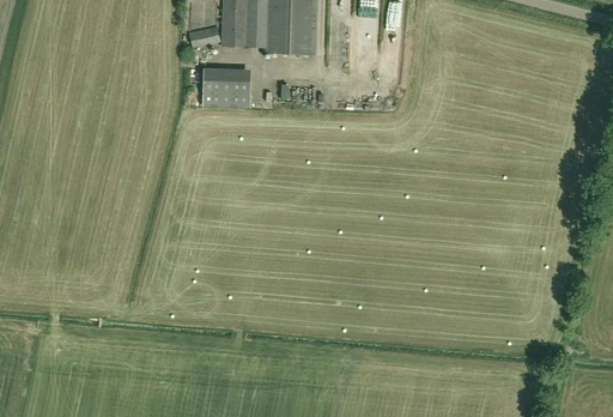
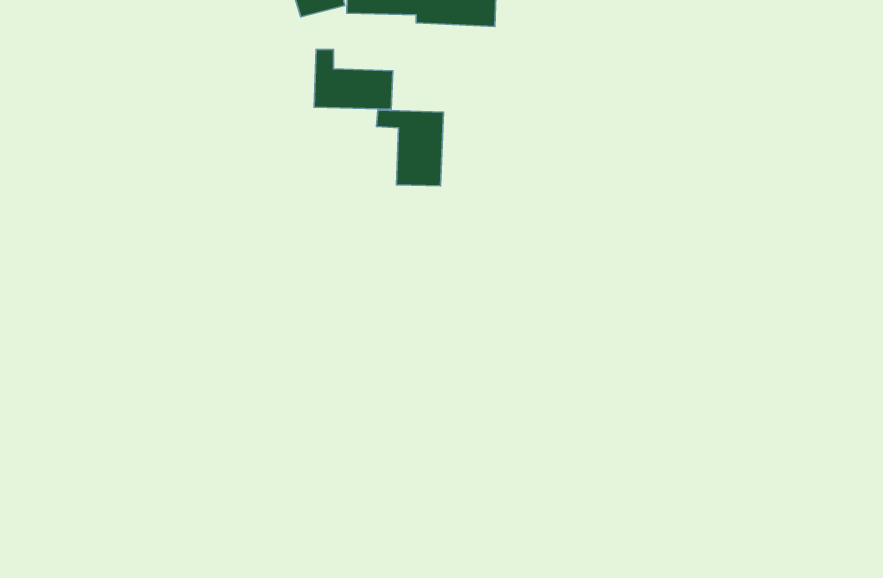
building: none -> [377,110,444,186]

